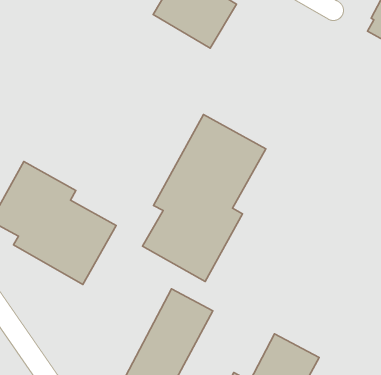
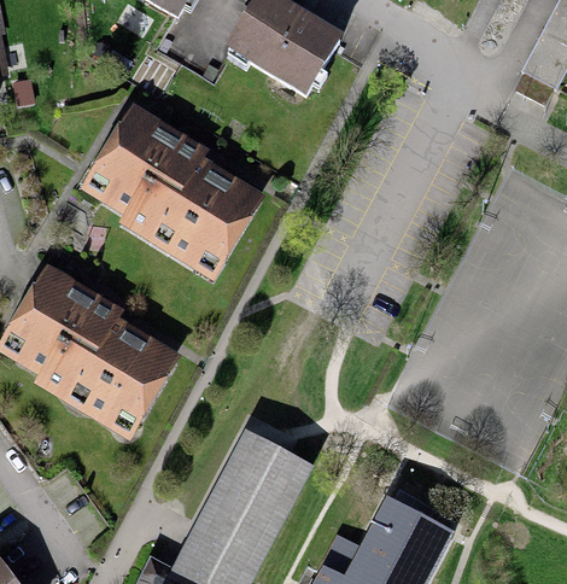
building: none -> [86,109,258,280]
building: [142,115,266,281] -> none

